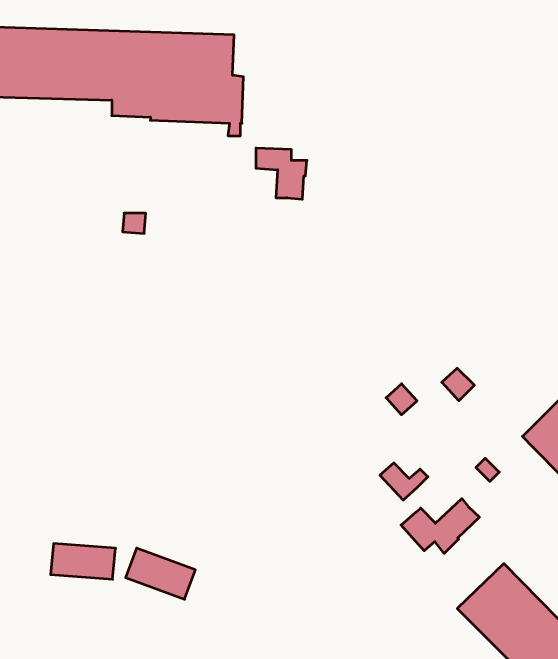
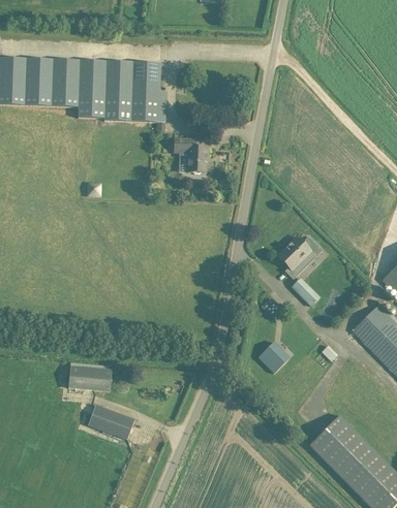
building: none -> [278,235,322,277]
building: [401,499,479,553] -> none
building: [51,544,116,579] -> [68,367,112,390]

